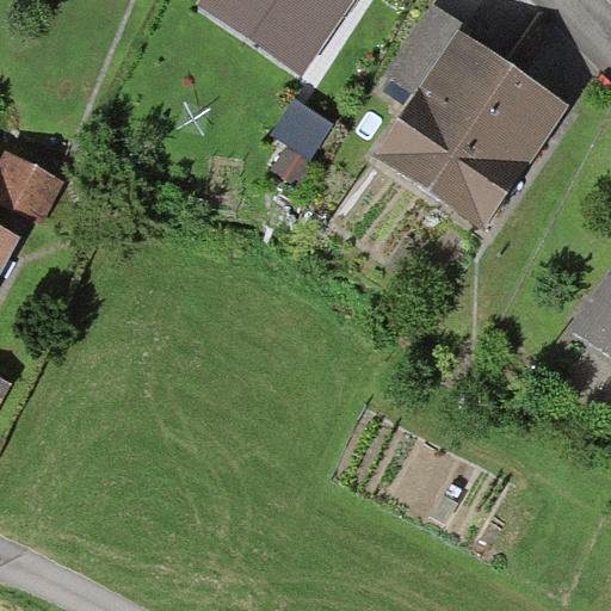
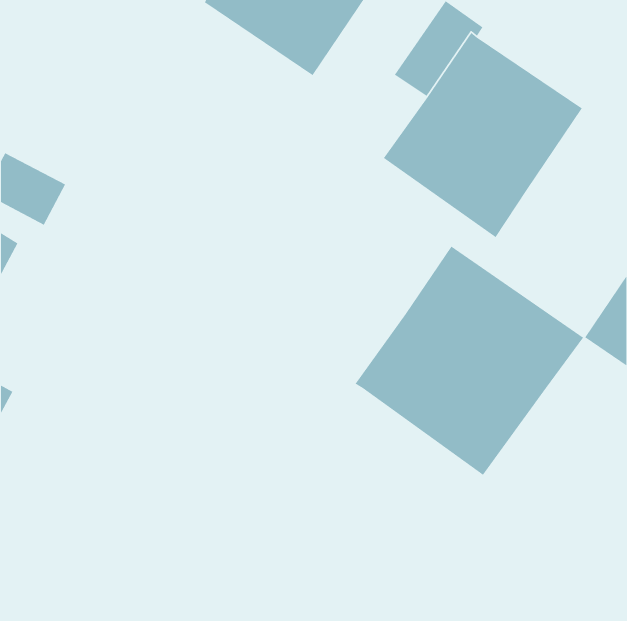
building: none -> [354,245,584,476]

